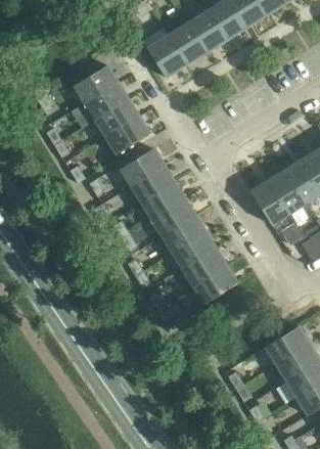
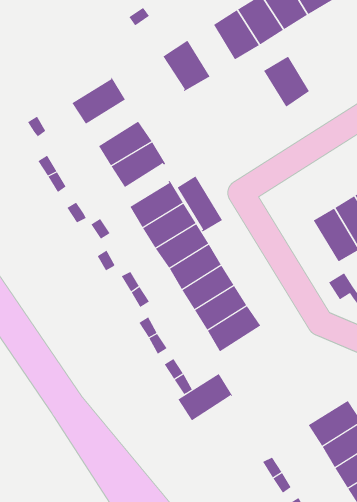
building: [168,21,205,63] -> [263,56,310,108]
building: [85,82,128,120] -> none
building: none -> [177,176,223,233]
building: [252,180,289,224] -> none
building: [193,265,238,304] -> [178,373,233,421]

